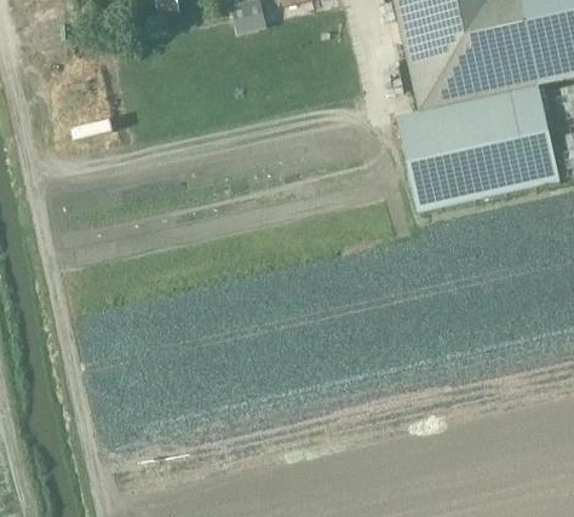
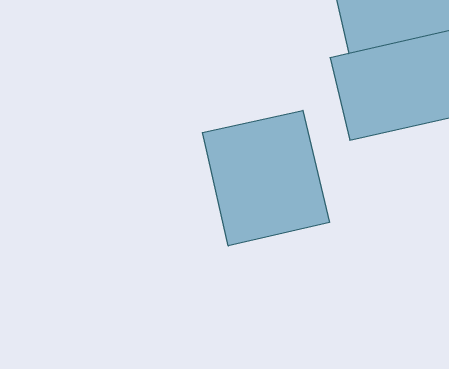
building: none -> [202,110,329,246]

